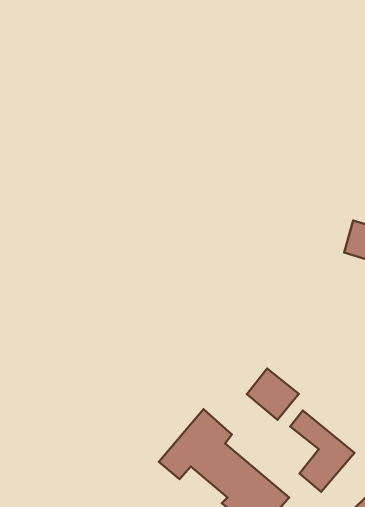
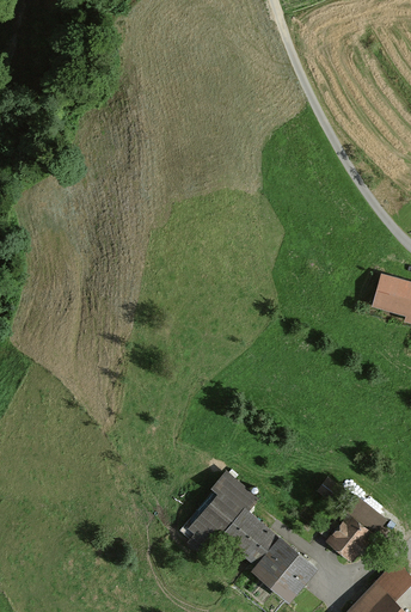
building: [247,369,299,420] -> none

